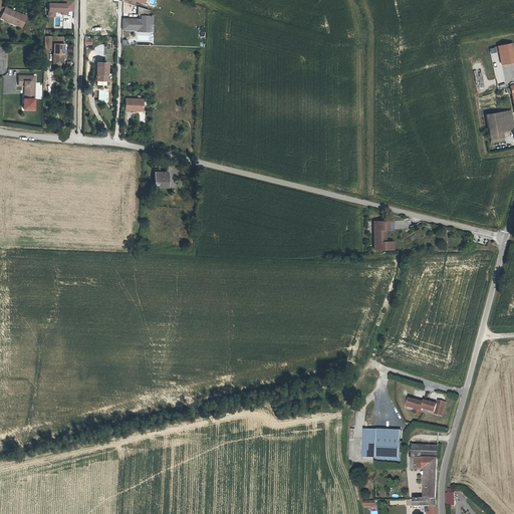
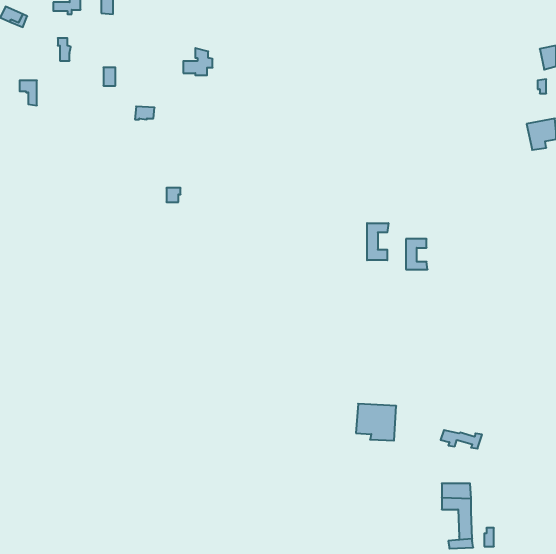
building: [125,6,153,31] -> [183,48,213,75]
building: none -> [367,223,388,260]
building: [363,428,401,462] -> [356,404,396,441]

